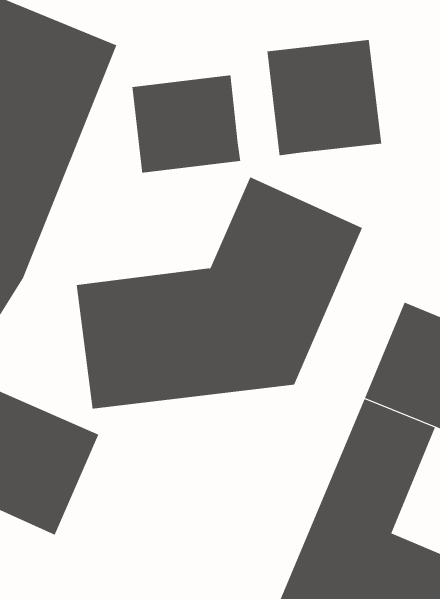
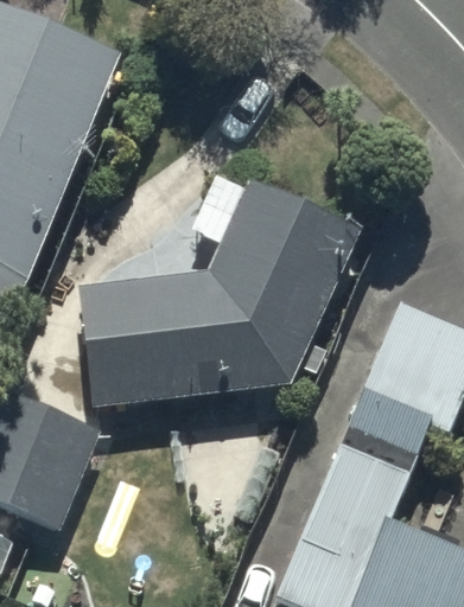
building: [267,39,382,156] -> none
building: [132,75,241,173] -> none

